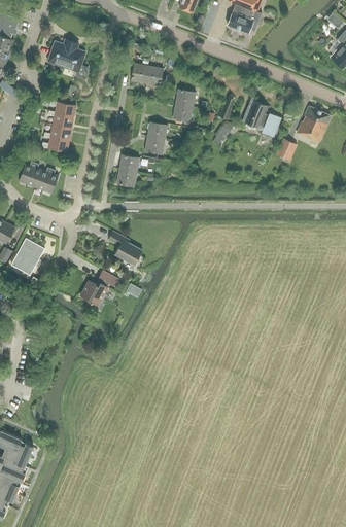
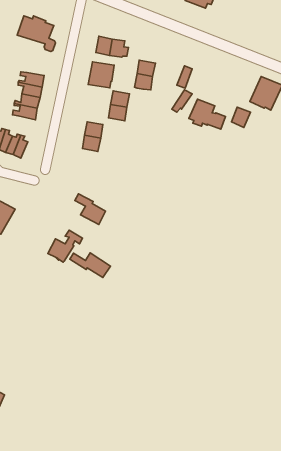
building: none -> [88,62,114,88]
building: [241,100,280,132] -> [189,99,226,129]
building: none -> [70,253,111,277]

